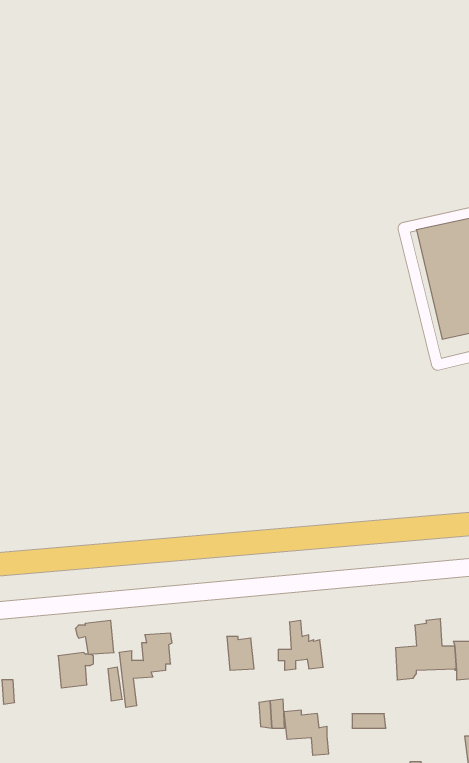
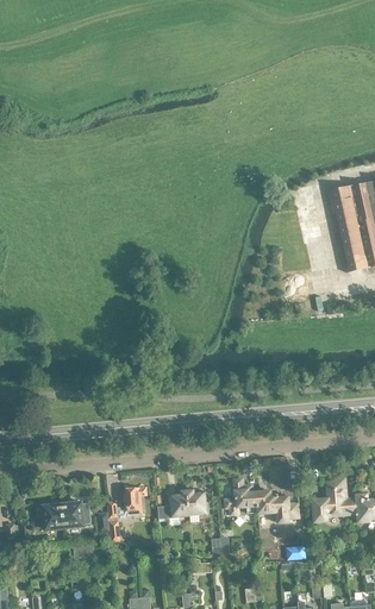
building: [75,620,114,654] -> [37,504,65,529]
building: none -> [158,490,190,519]
building: [284,710,329,755] -> [257,491,290,525]

